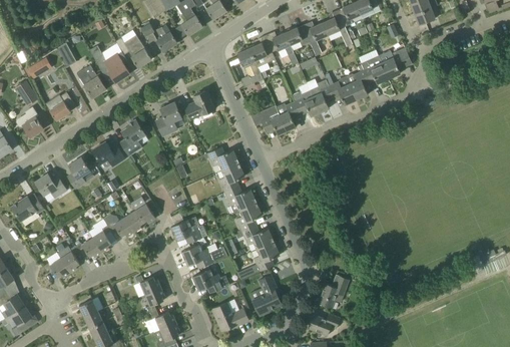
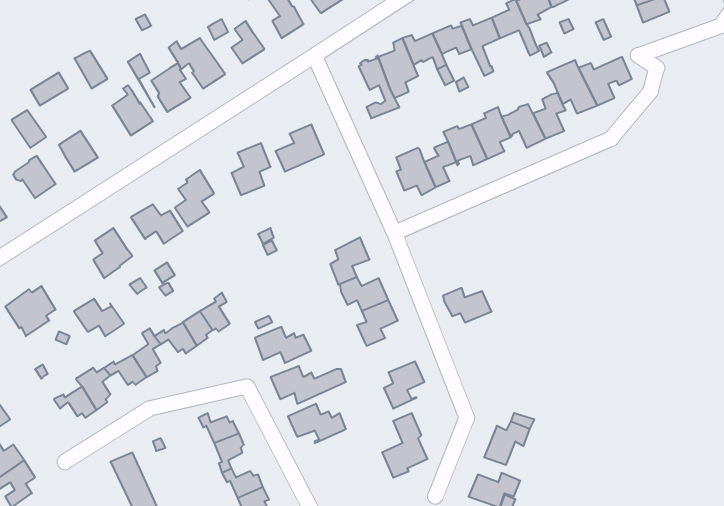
building: [206,146,237,170] -> none
building: [34,174,66,198] -> [74,299,124,336]
building: [241,227,273,249] -> [443,288,492,322]
building: [211,302,247,330] -> none

